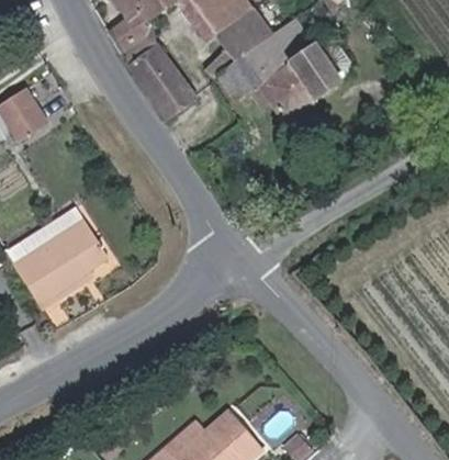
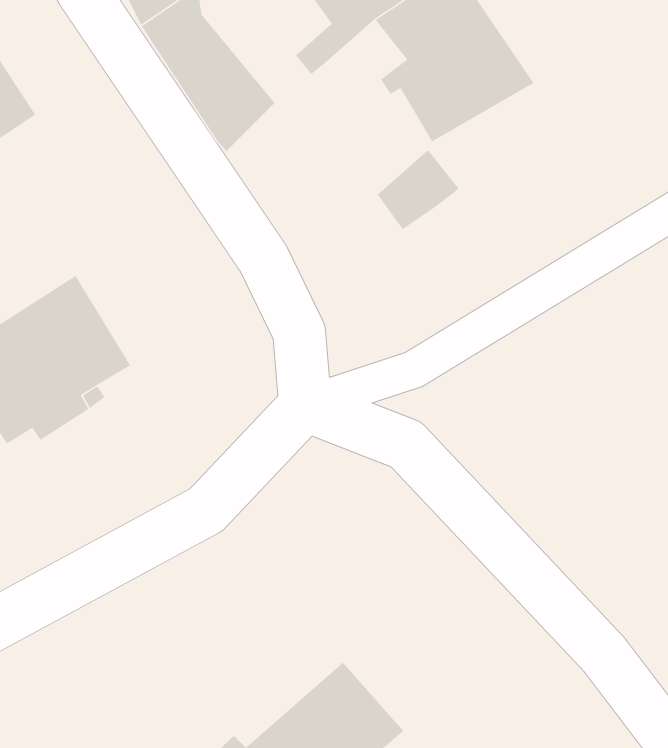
building: [218,53,265,98] -> [377,149,460,230]

